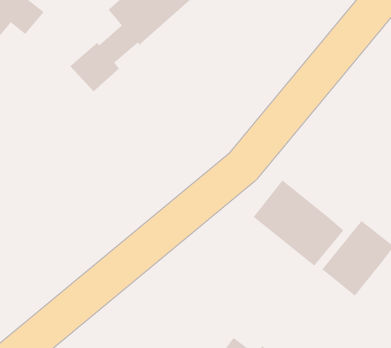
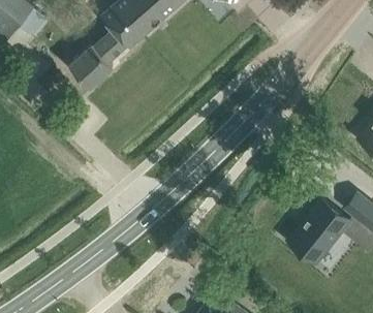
building: [253,179,344,267] -> none

